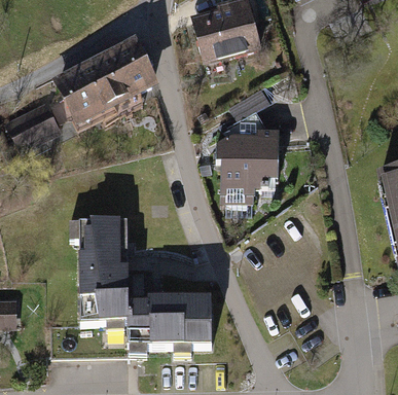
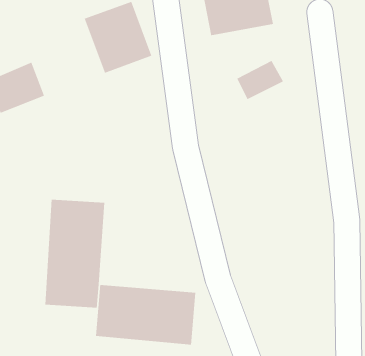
building: [51,56,114,122] -> none
building: [224,119,281,199] -> none

